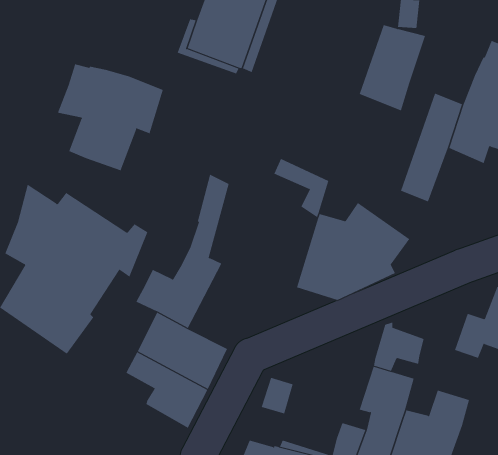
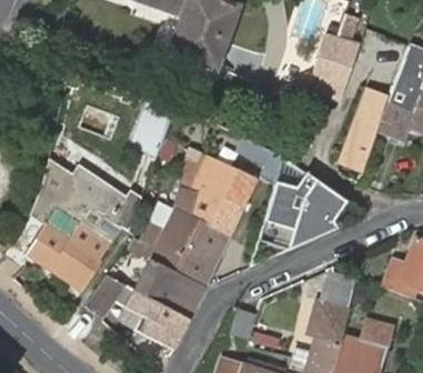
building: [57,64,163,171] -> none
building: none -> [174,158,258,286]
building: none -> [87,273,134,320]

